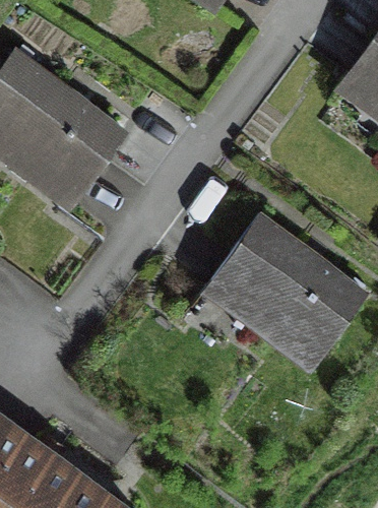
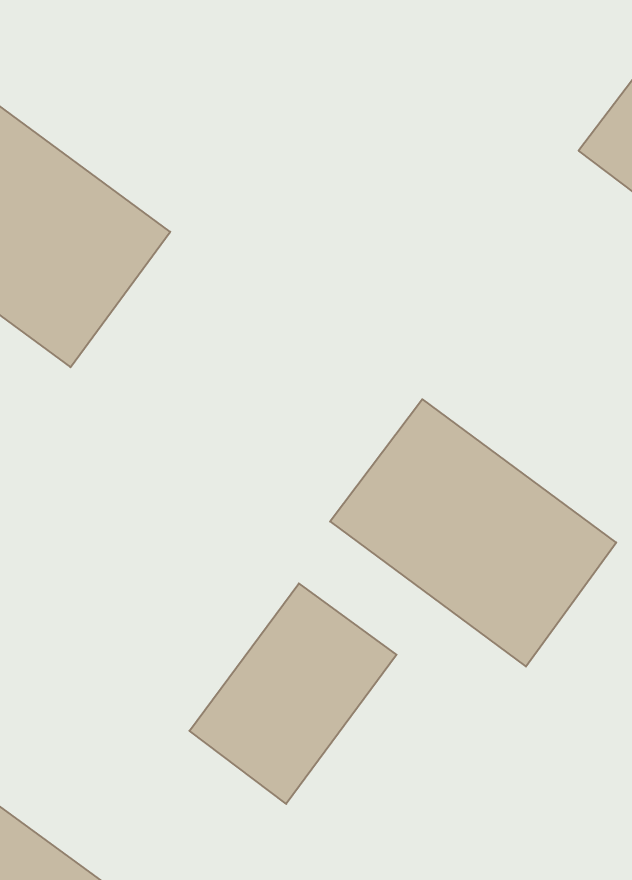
building: none -> [189,583,397,804]

